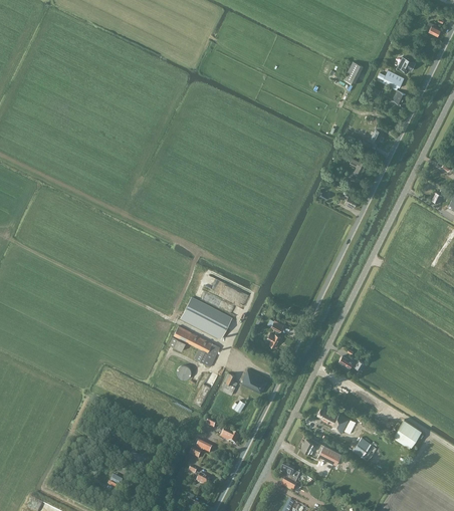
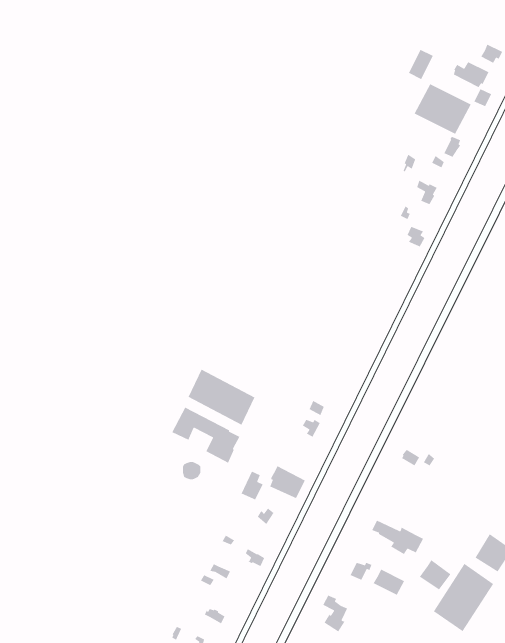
building: none -> [413,83,472,135]
building: none -> [433,563,494,632]

